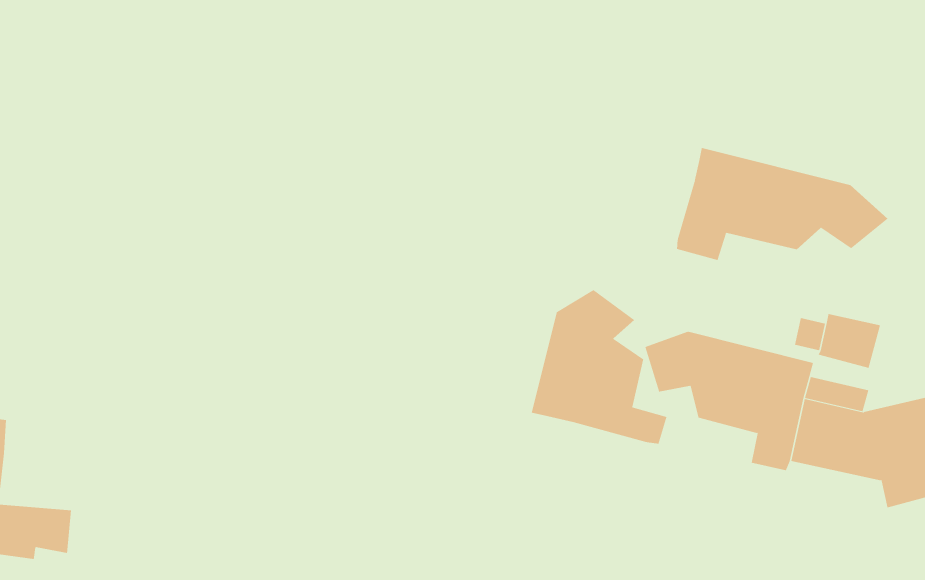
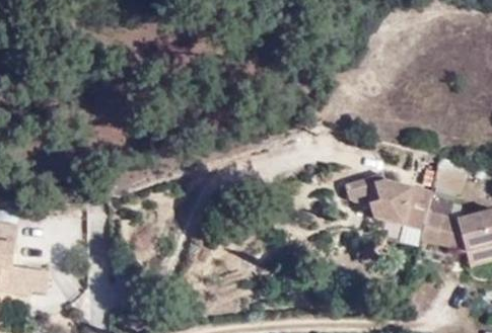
building: [677,147,888,261] -> none
building: [531,289,667,445] -> none

